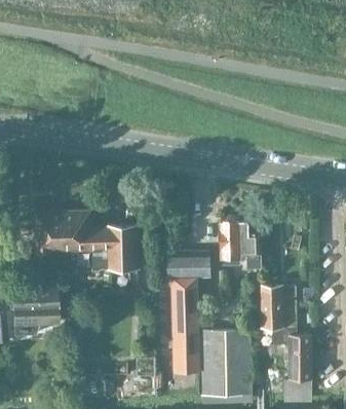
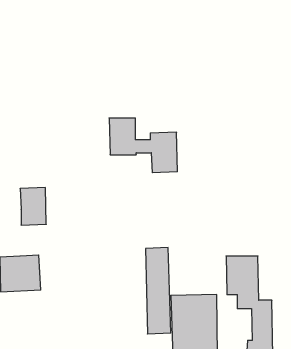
building: [62,214,137,273] -> [109,118,177,173]
building: [220,220,260,269] -> none
building: [167,254,209,281] -> none

